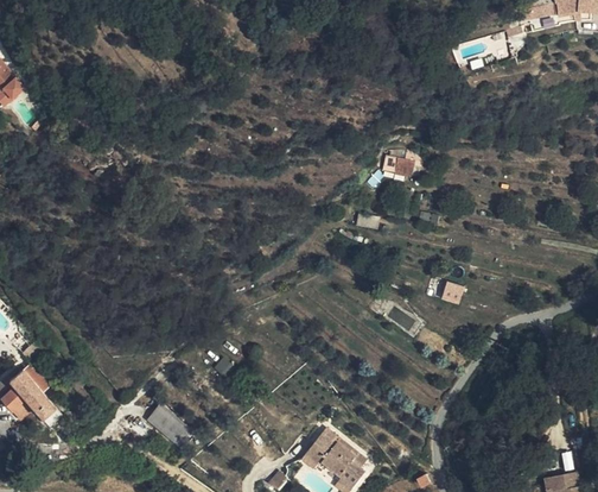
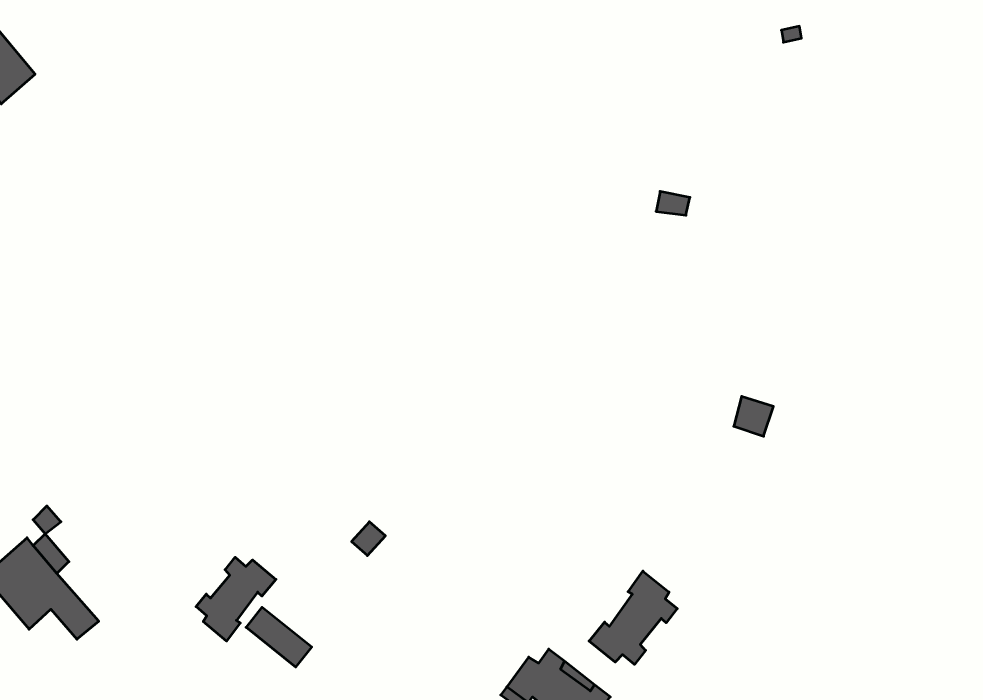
building: none -> [196,557,276,641]
building: none -> [589,571,677,664]

